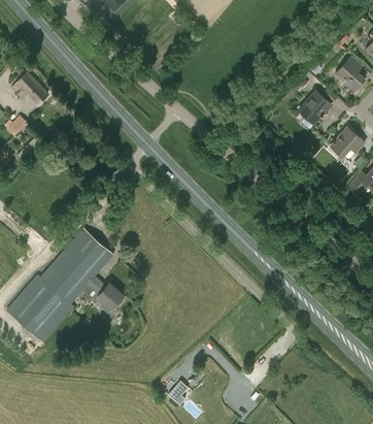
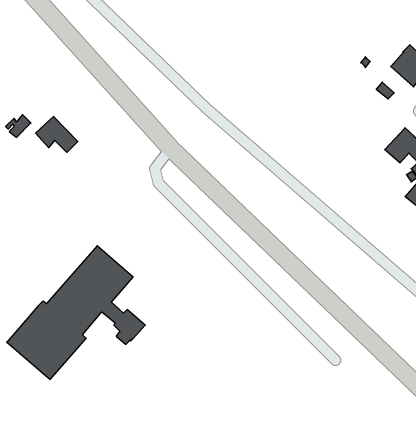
building: [11,73,47,104] -> [36,116,78,152]
building: [299,91,332,125] -> none

